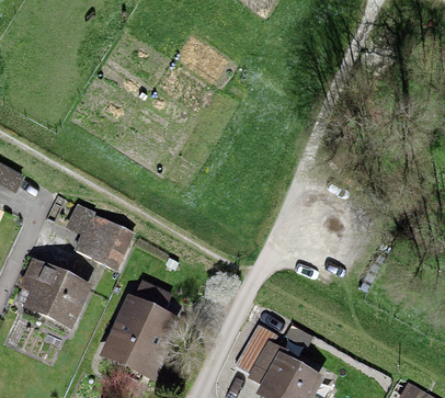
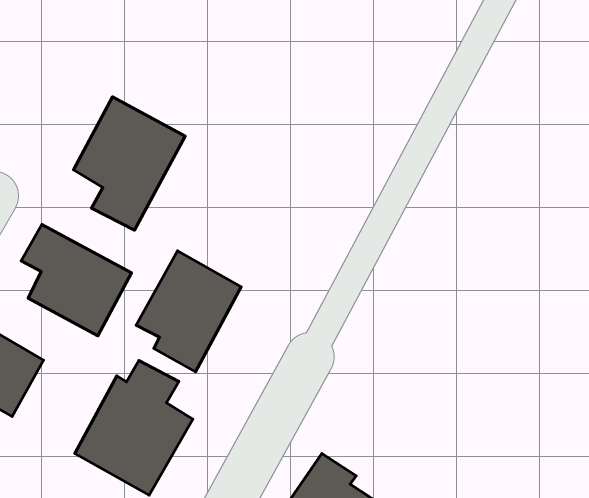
building: none -> [73,97,185,230]
building: none -> [136,251,241,372]

